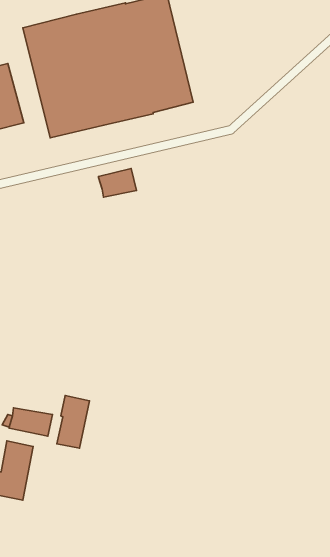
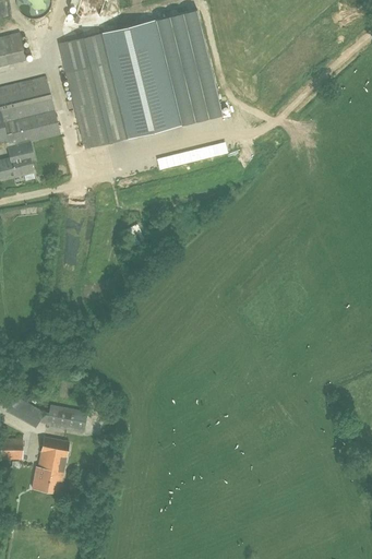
building: [98,168,136,197] -> none
building: [57,396,90,448] -> none

